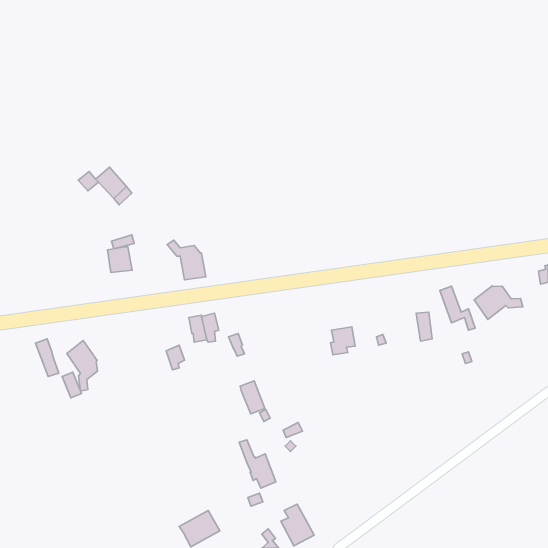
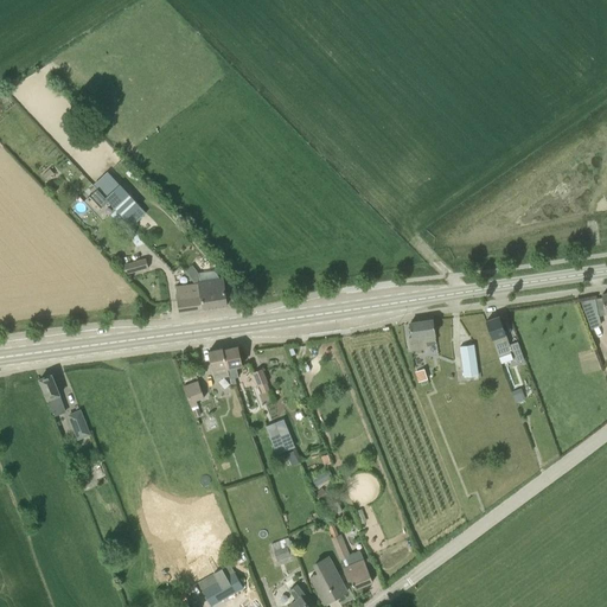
building: [108,247,132,272] -> [177,283,204,312]
building: [474,286,523,320] -> none
building: [331,327,355,355] -> [409,320,436,351]
building: [67,341,97,391] -> none
building: [239,440,276,488] -> [332,536,372,589]

